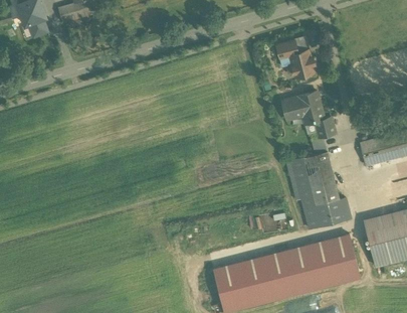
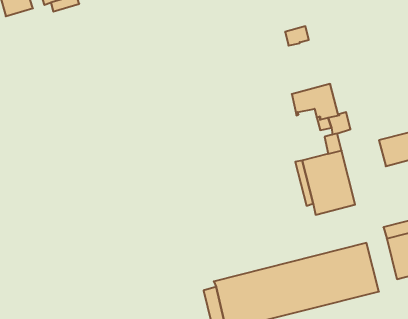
building: [287,50,315,77] -> none
building: [303,198,351,229] -> none

